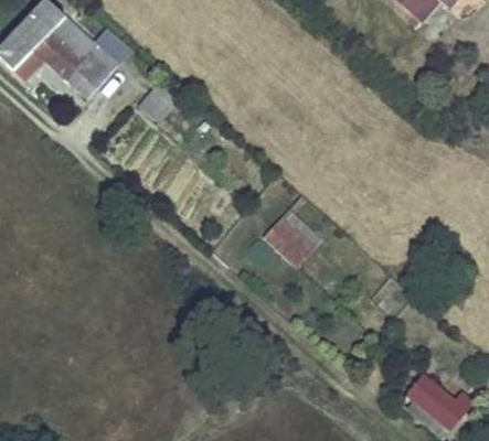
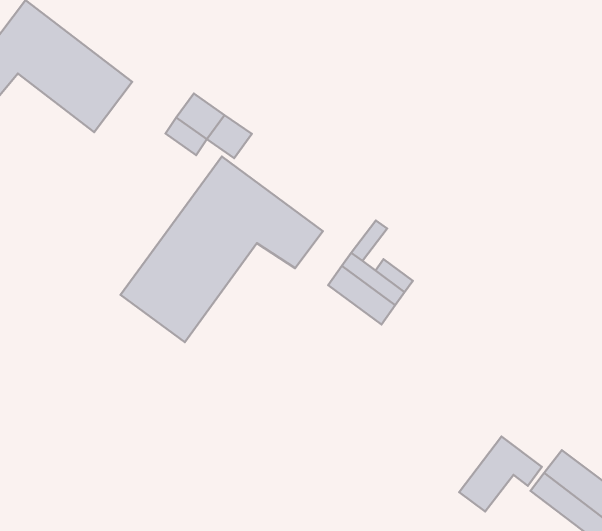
building: none -> [121,156,323,342]
building: none -> [459,436,542,512]

